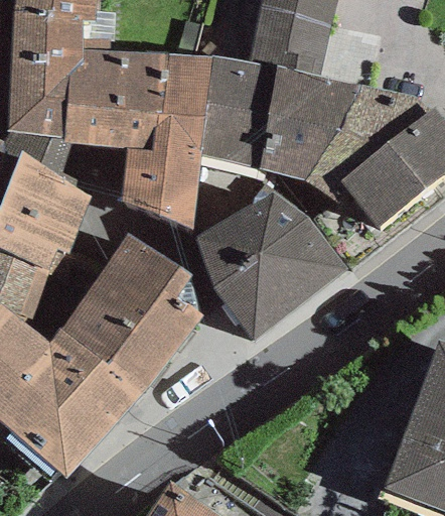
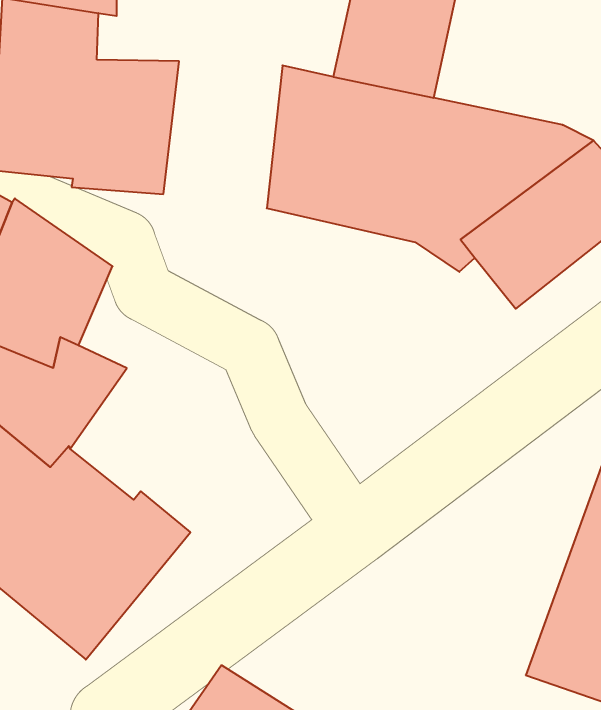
building: [120,51,211,229] -> none
building: [194,189,345,341] -> none
building: [60,235,202,387] -> none

